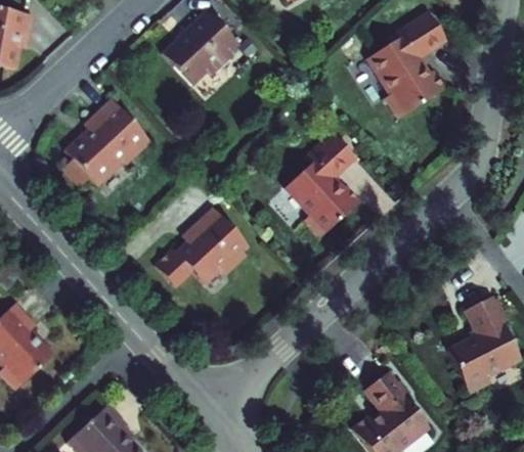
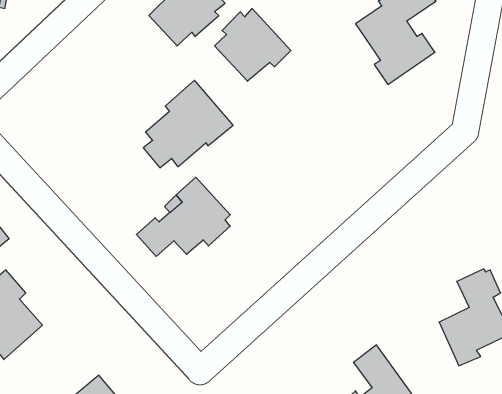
building: none -> [215,9,291,81]
building: [60,96,148,182] -> [143,80,233,168]
building: [283,137,357,239] -> none

